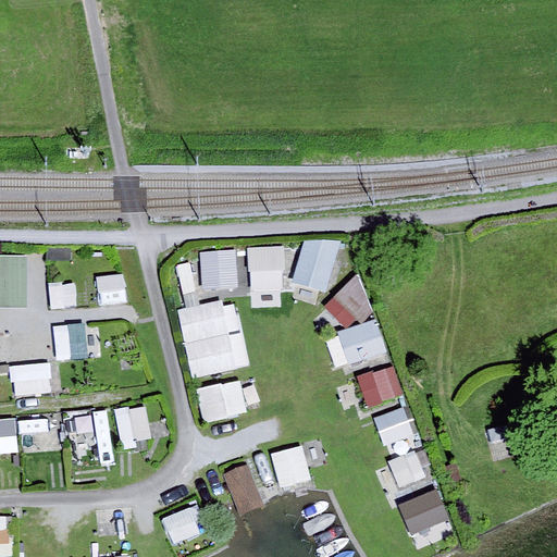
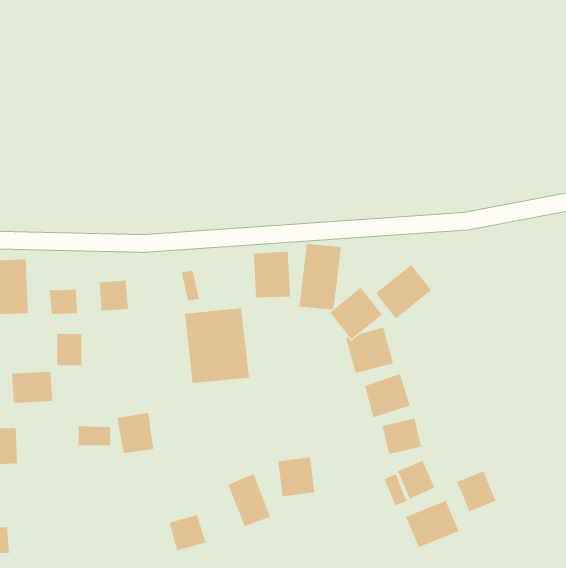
building: [199,250,237,292] -> none
building: none -> [375,264,432,319]
building: [197,380,248,423] -> none
building: none -> [457,471,496,512]

